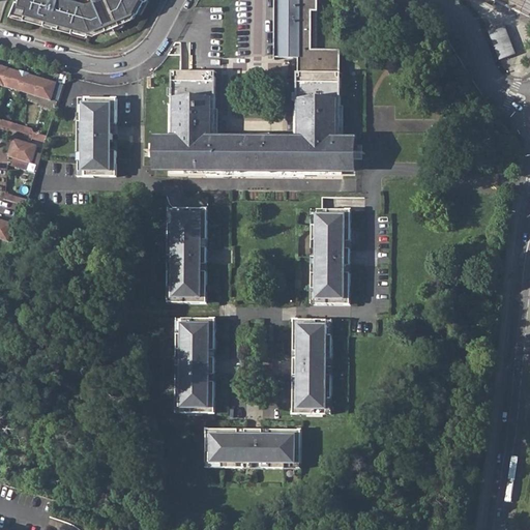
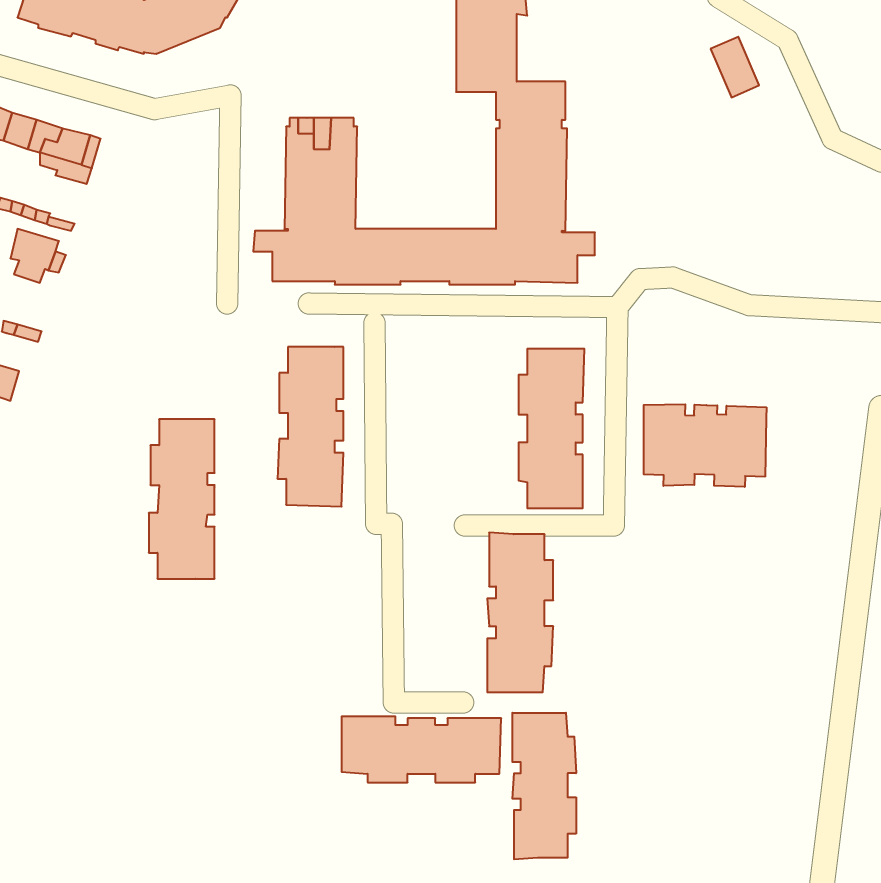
building: [484,23,513,59] -> [711,37,759,97]
building: [76,96,115,176] -> none
building: none -> [644,404,766,487]
building: [174,317,213,412] -> [149,419,215,579]
building: none -> [512,713,576,859]

